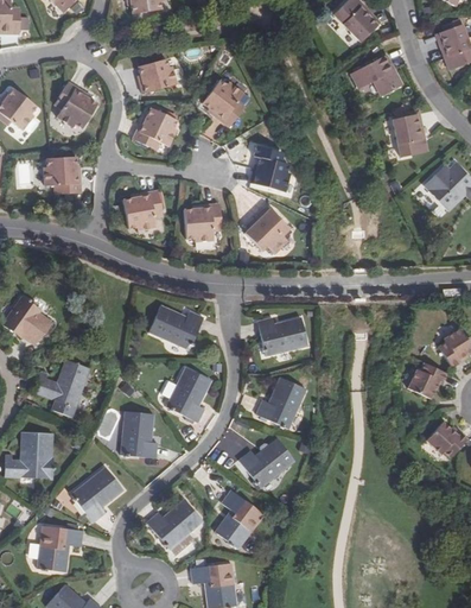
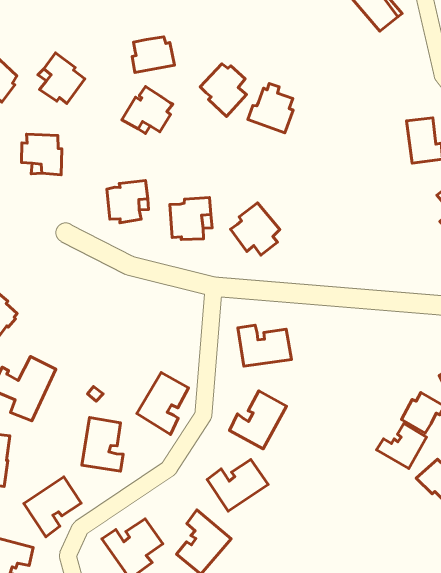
building: [350,53,402,95] -> none
building: [249,147,289,191] -> [248,83,293,133]
building: [148,305,203,350] -> none
building: none -> [376,424,427,468]

